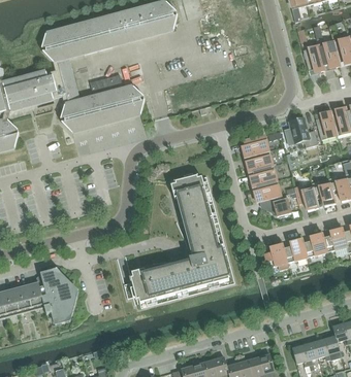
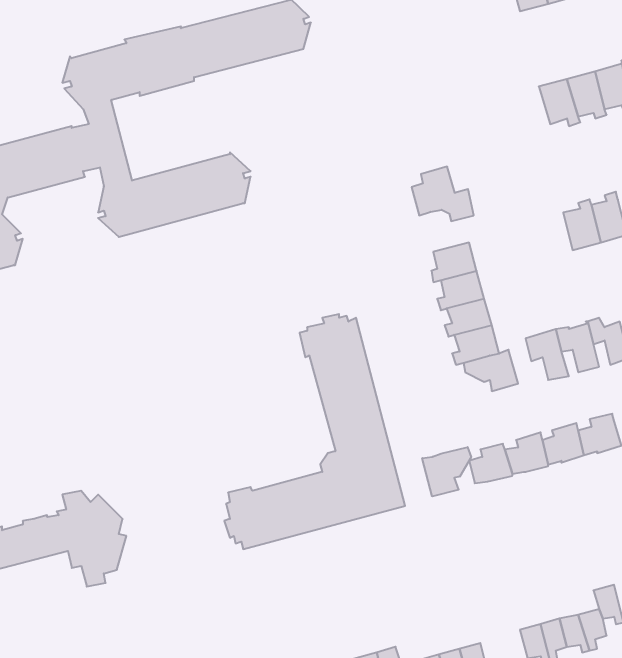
building: [284,117,318,147] -> [412,167,474,221]
building: none -> [422,447,471,496]

